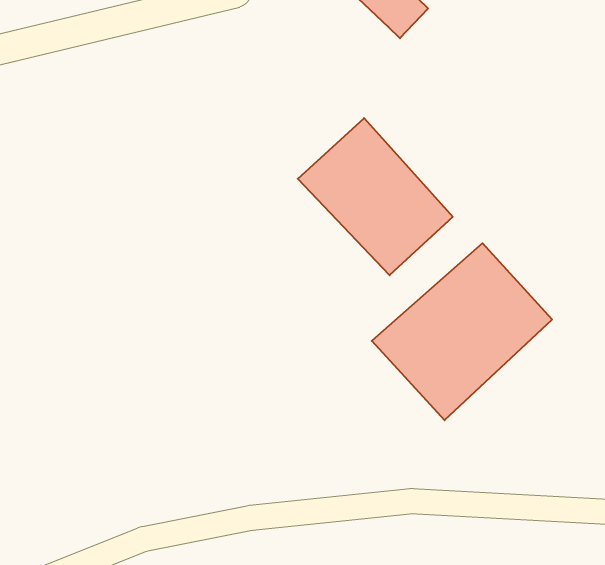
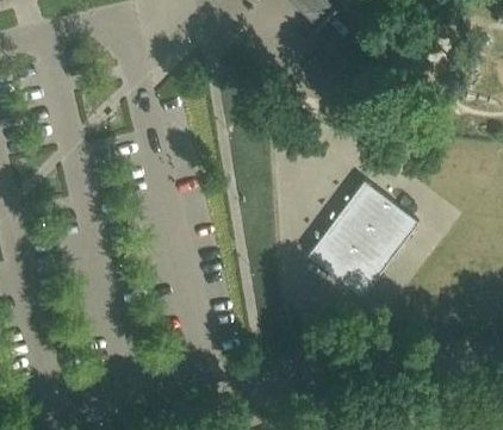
building: [298,118,453,275] -> none

